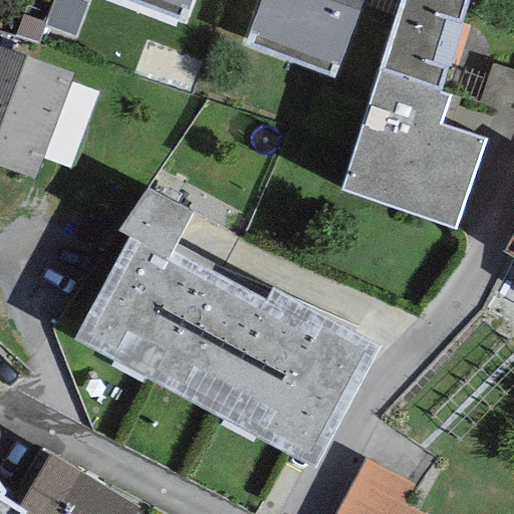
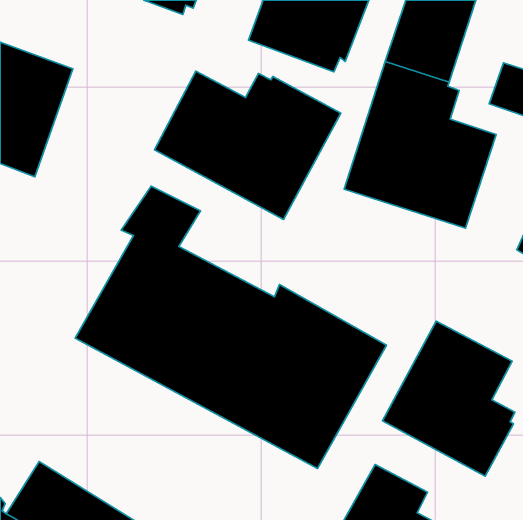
building: none -> [154,71,341,219]
building: none -> [382,321,515,476]

